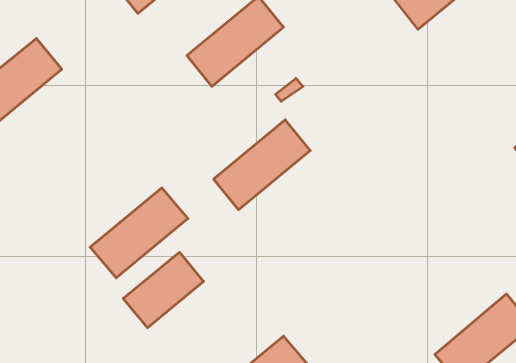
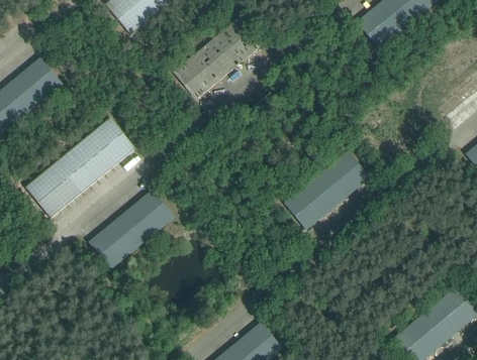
building: none -> [25,118,135,218]
building: [214,120,310,210] -> [284,150,370,230]
building: [123,252,204,328] -> none

